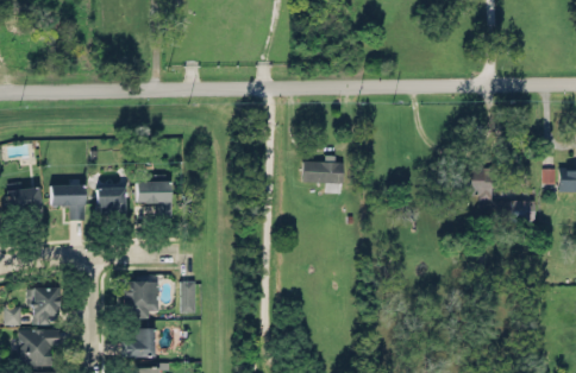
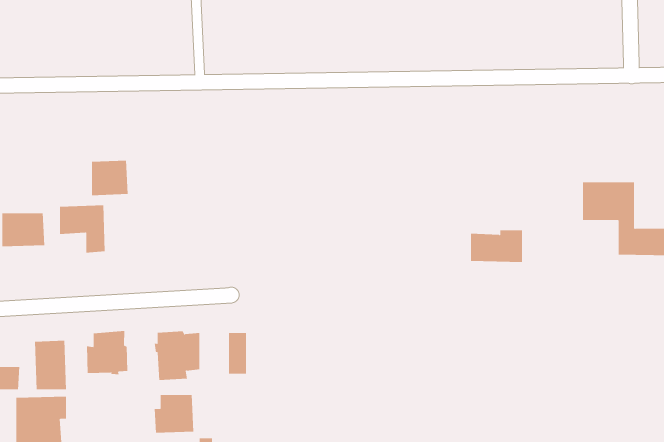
building: [302,158,343,183] -> [470,230,523,263]
building: [137,181,174,217] -> none
building: [96,187,125,214] -> [91,160,129,196]
building: none -> [86,330,128,375]

